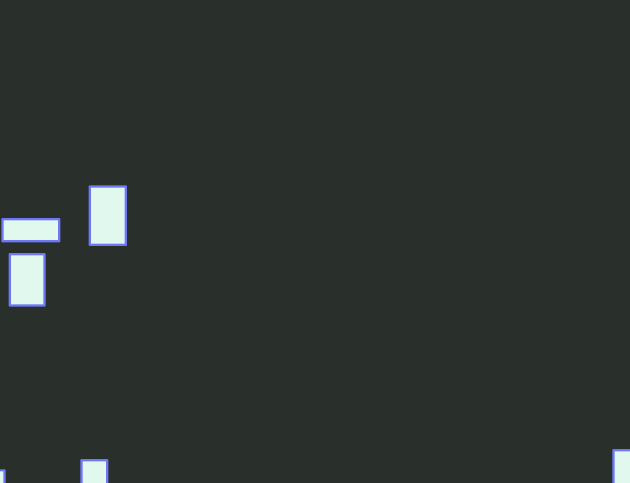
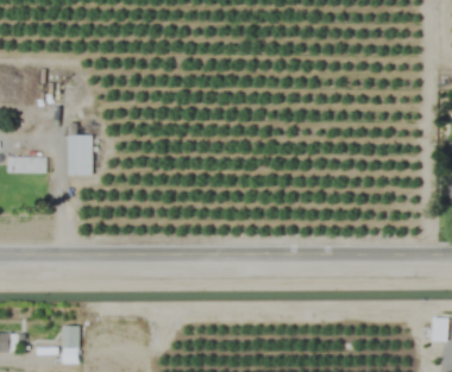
building: [10,254,44,305] -> none

